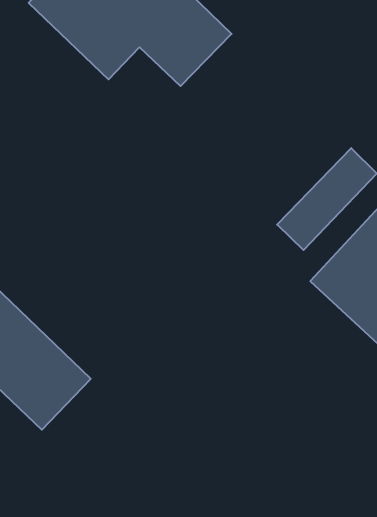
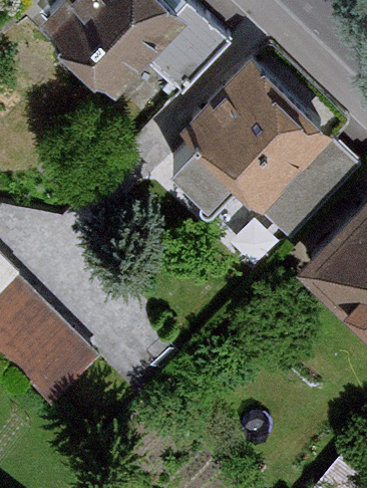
building: none -> [172,57,327,203]

